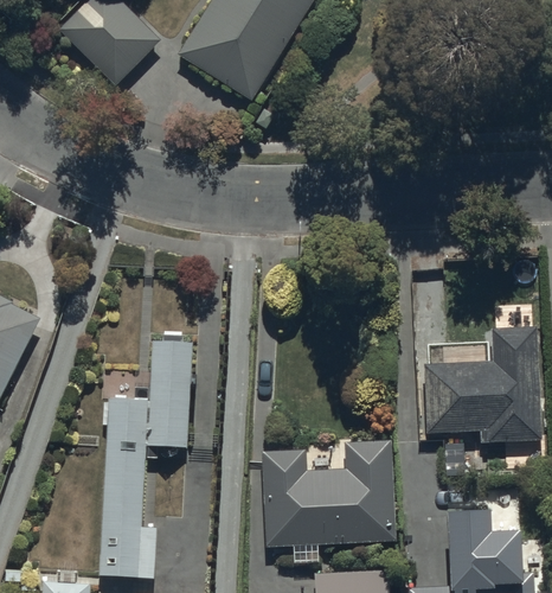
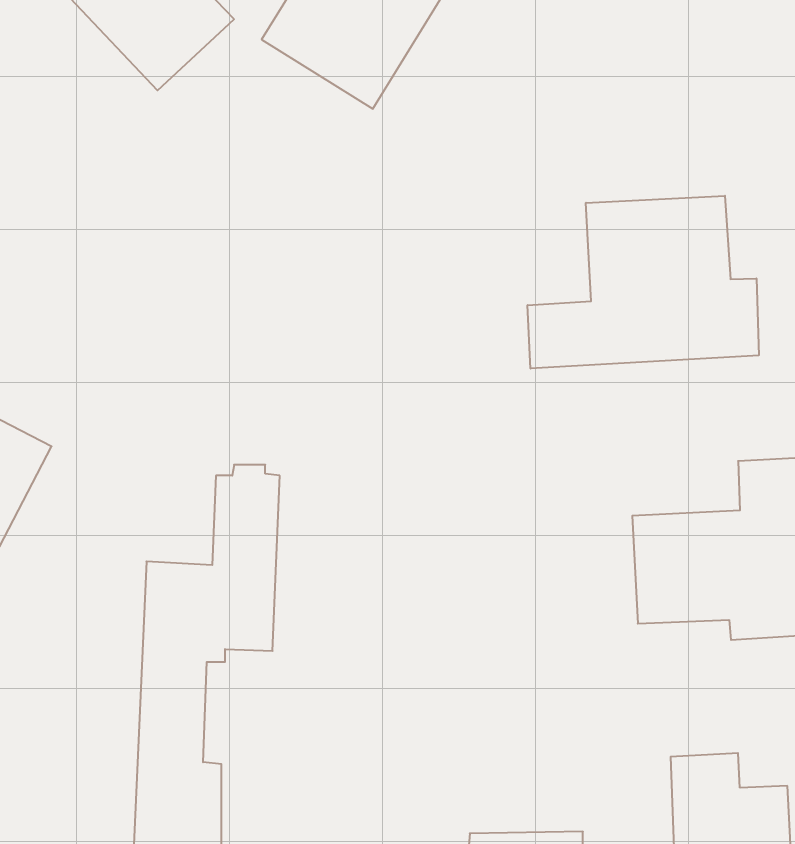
building: none -> [528,196,759,369]
building: [262,440,398,566] -> none

